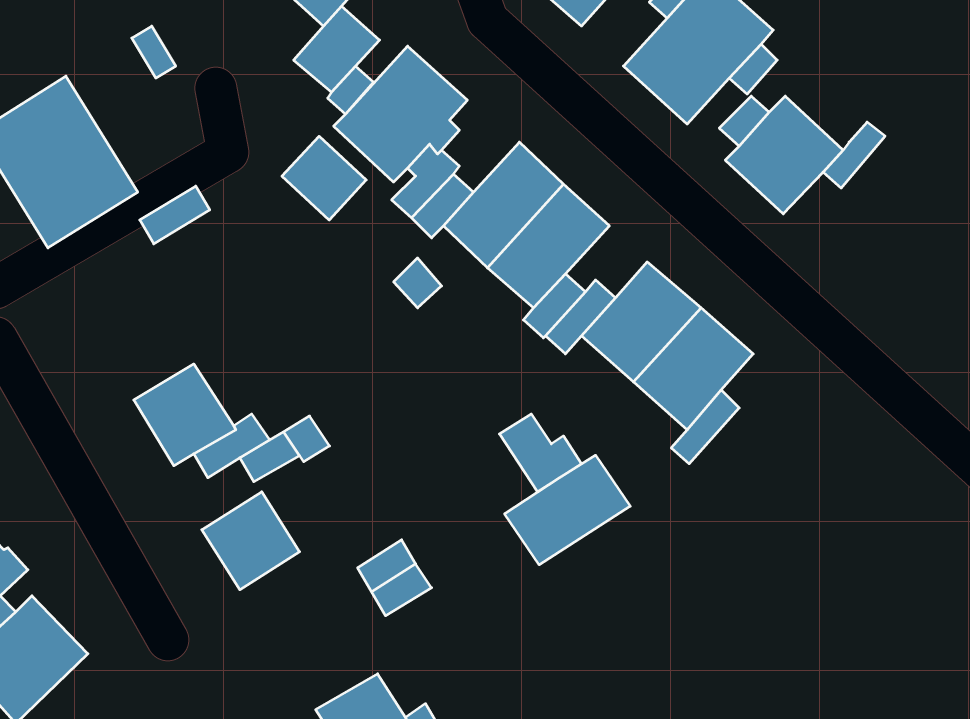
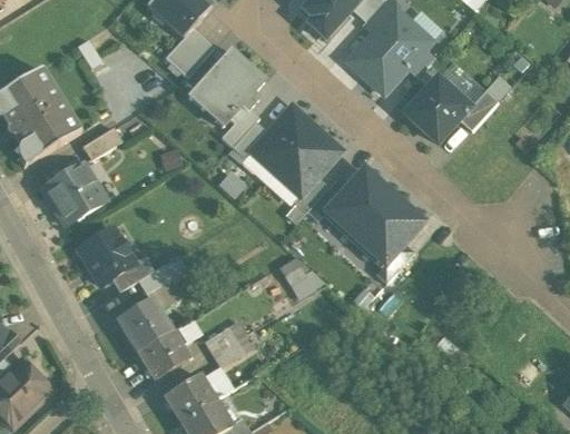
building: [282,136,366,220] -> none
building: none -> [41,162,105,225]
building: [505,455,630,565] -> none
building: none -> [137,332,187,377]
building: none -> [163,373,214,420]

